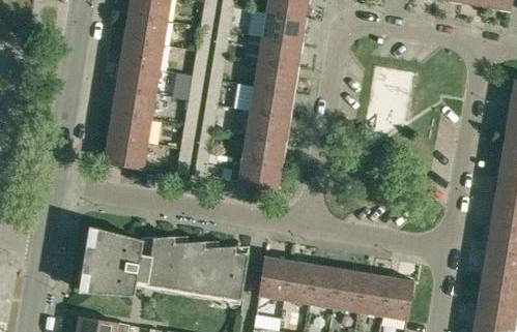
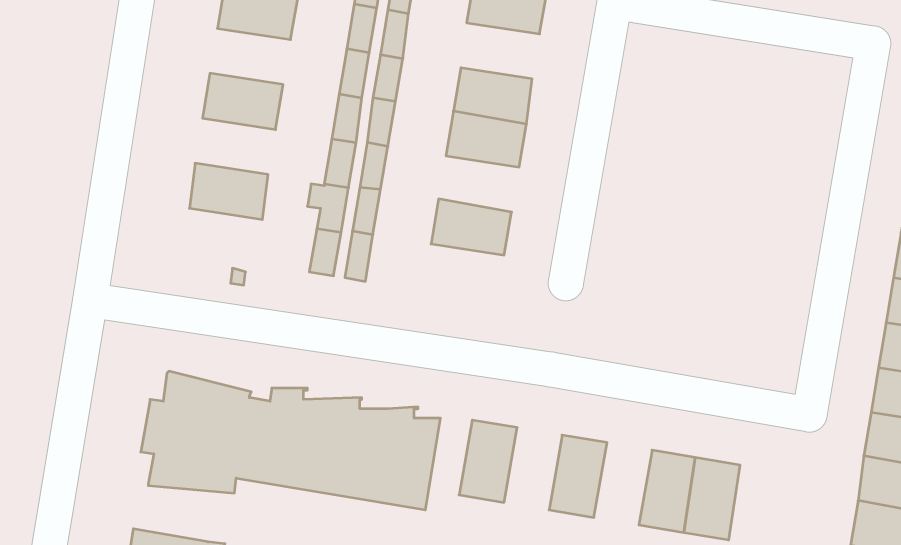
building: [258,35,301,66] -> none
building: [119,38,164,69] -> none
building: [111,88,155,119] -> none
building: [246,109,290,140] -> none
building: [104,138,148,169] -> none
building: [237,157,282,190] -> none
building: [282,259,314,304] -> none
building: [332,267,364,312] -> none

